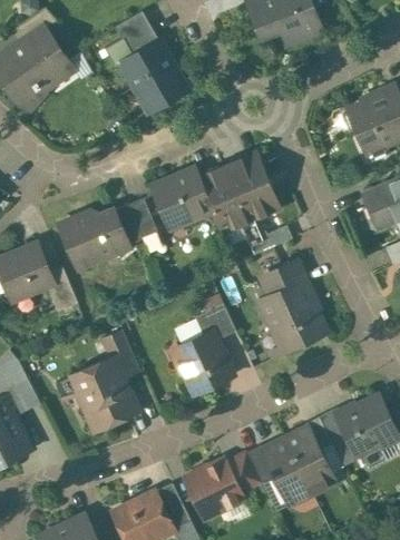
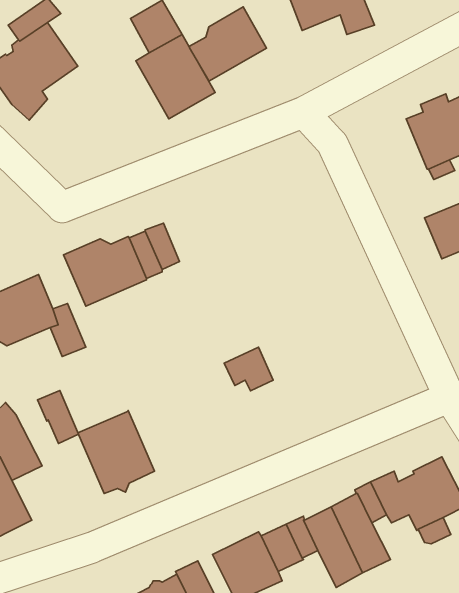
building: none -> [189,7,267,81]
building: [196,149,283,248] -> none
building: [148,173,207,228] -> none
building: [258,261,325,357] -> none
building: [176,331,233,393] -> none
building: [104,332,138,376] -> [38,391,78,443]

